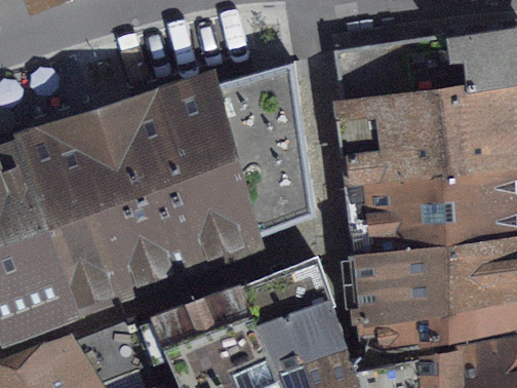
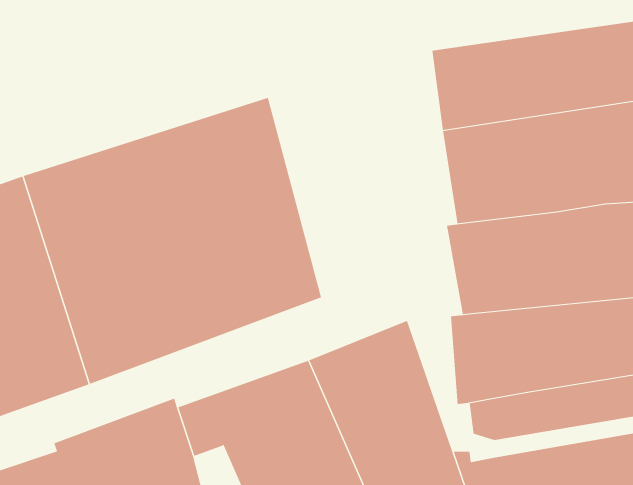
building: [209,66,316,242] -> none

